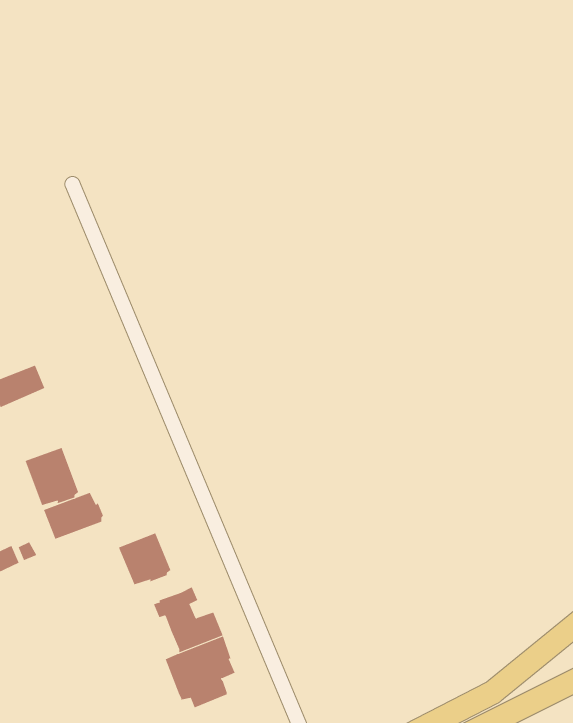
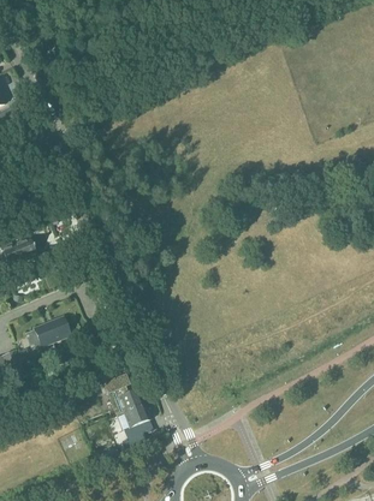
building: [25,447,79,506] -> none
building: [118,532,171,585] -> none

